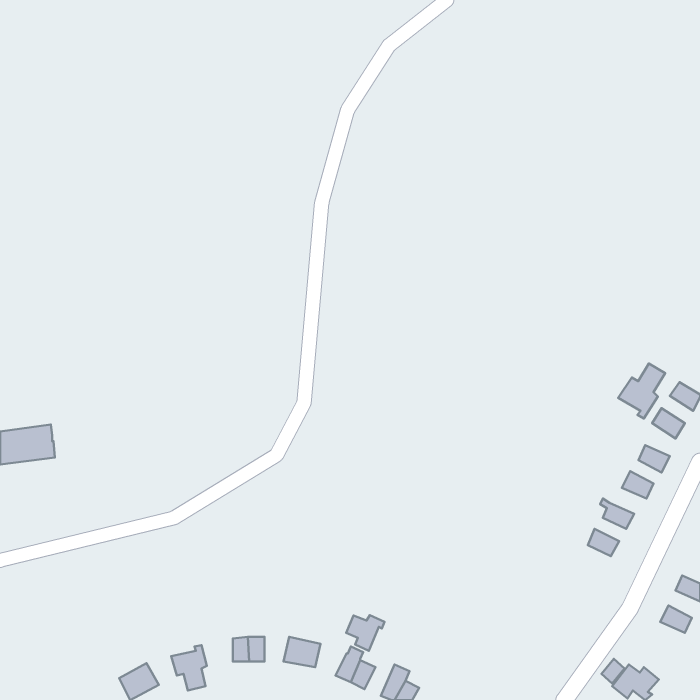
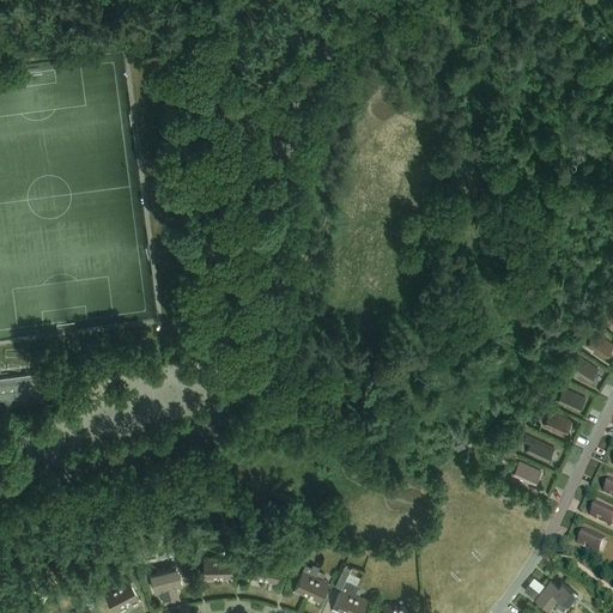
building: [618,364,665,418] -> none
building: [346,615,384,651] -> none

